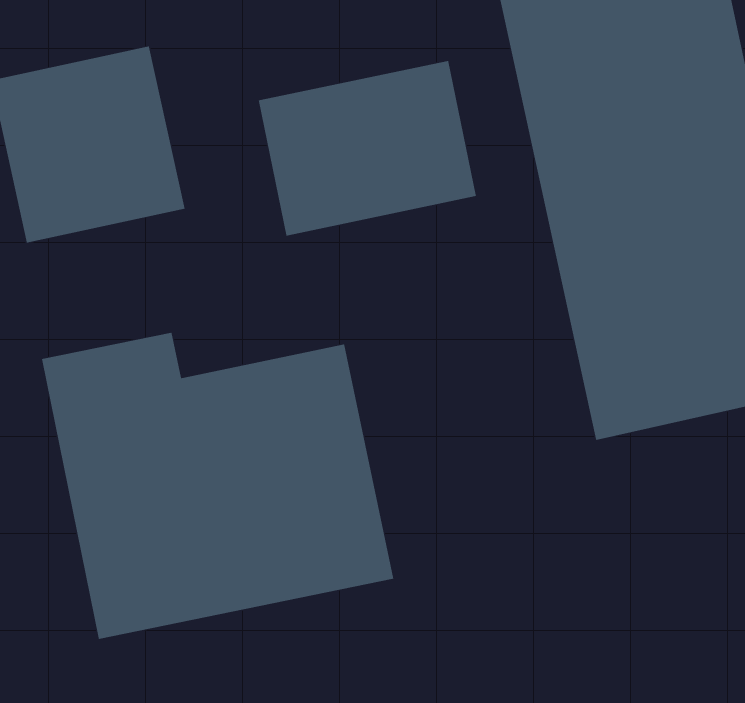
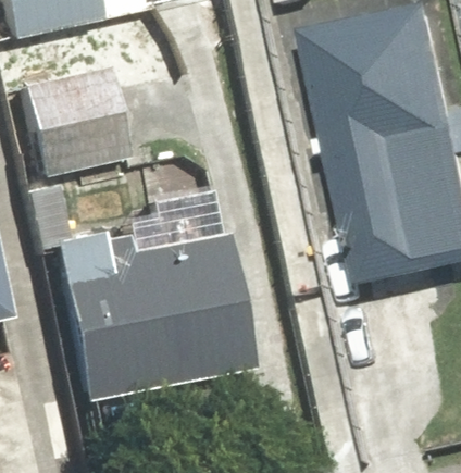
building: [258,60,477,236] -> none

